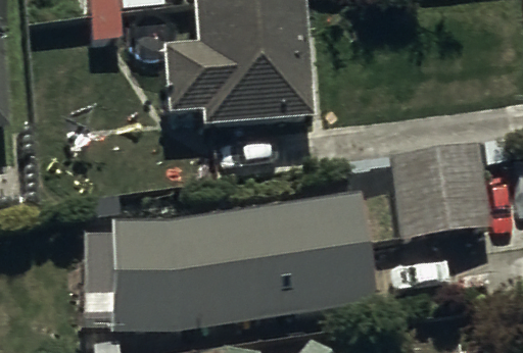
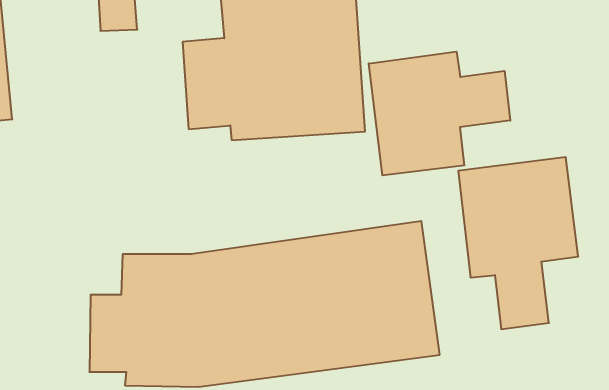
building: none -> [369,52,510,175]

